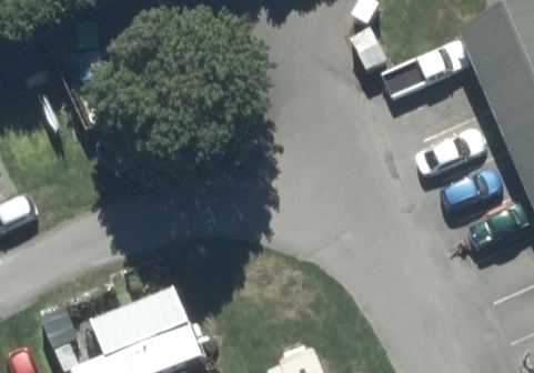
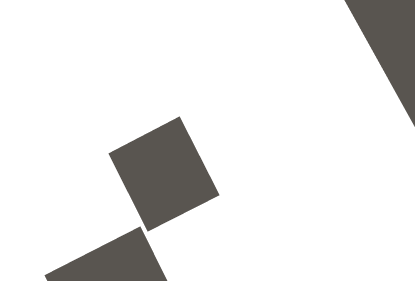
building: none -> [107,116,221,233]

